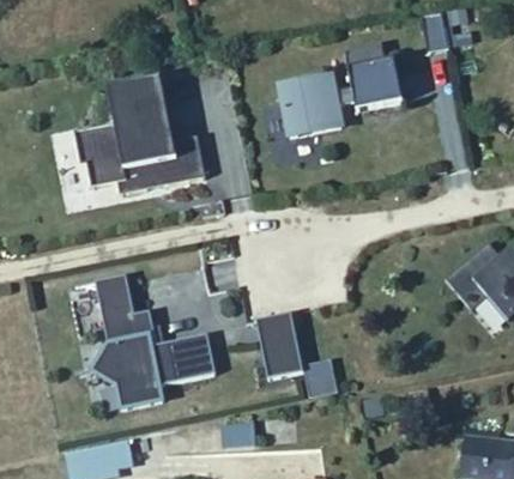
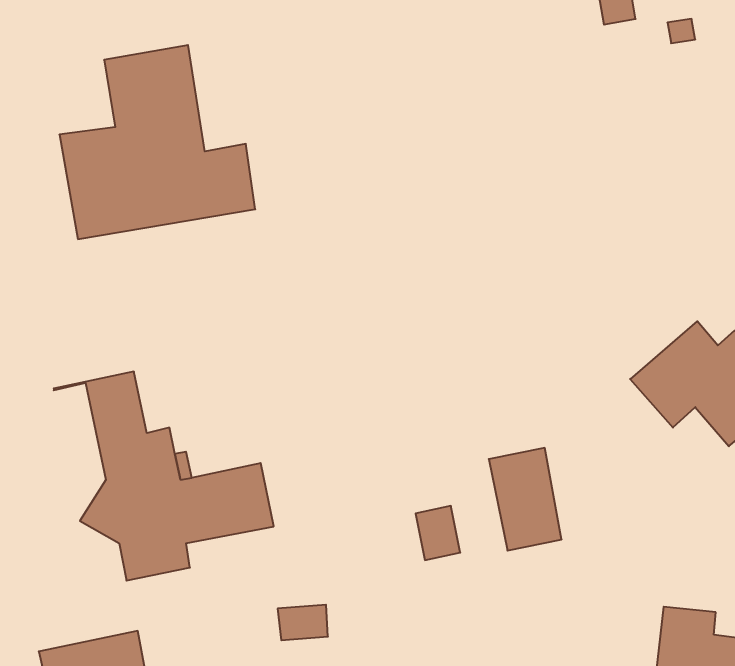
building: [280,55,403,138] -> none
building: [255,314,302,380] -> [489,448,562,551]

